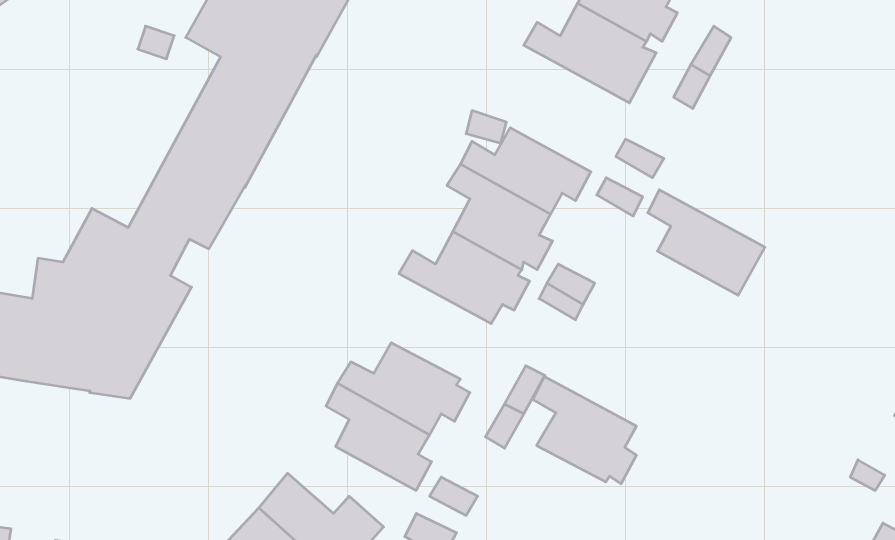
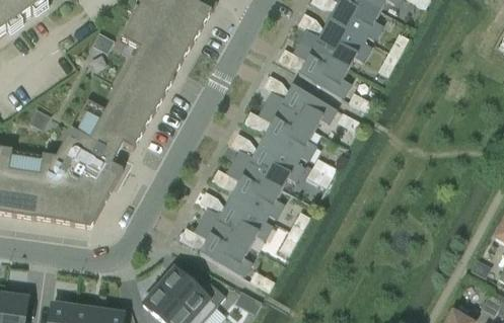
building: [648,190,765,295] -> [293,42,355,97]
building: [533,376,636,484] -> [227,162,282,219]

